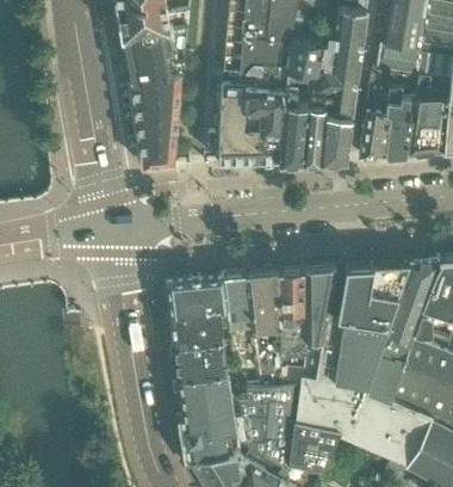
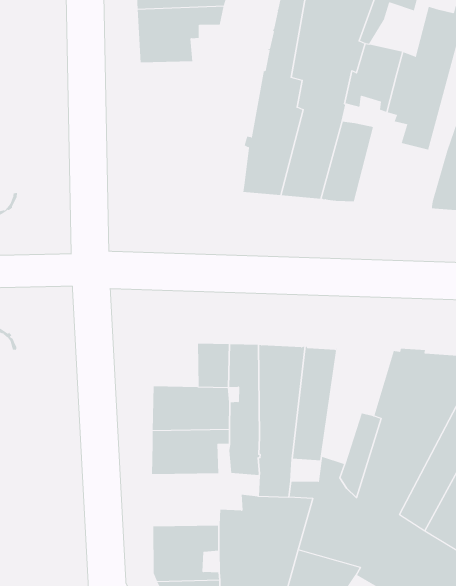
building: [130,73,181,168] -> none
building: [302,91,352,161] -> none
building: [302,269,335,356] -> none
building: [166,281,204,316] -> none
building: [179,375,232,420] -> none

